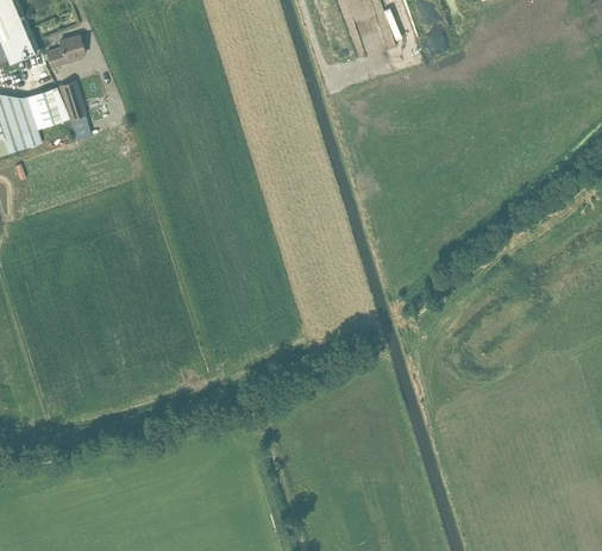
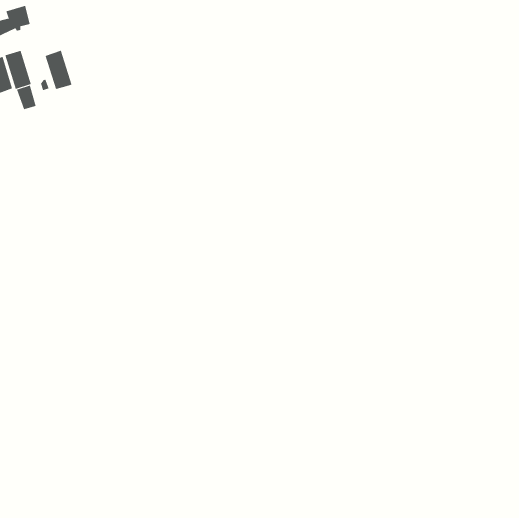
building: none -> [45,50,72,90]

